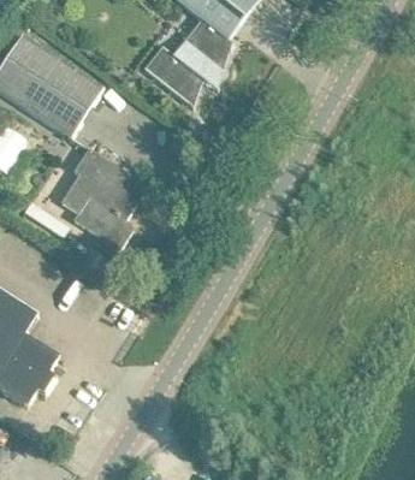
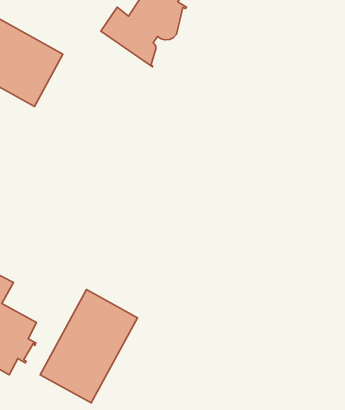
building: [60,146,137,255] -> none
building: none -> [40,290,138,403]

